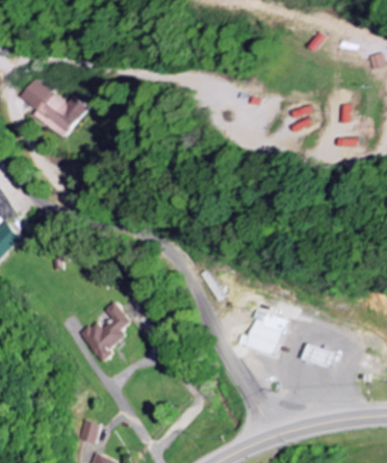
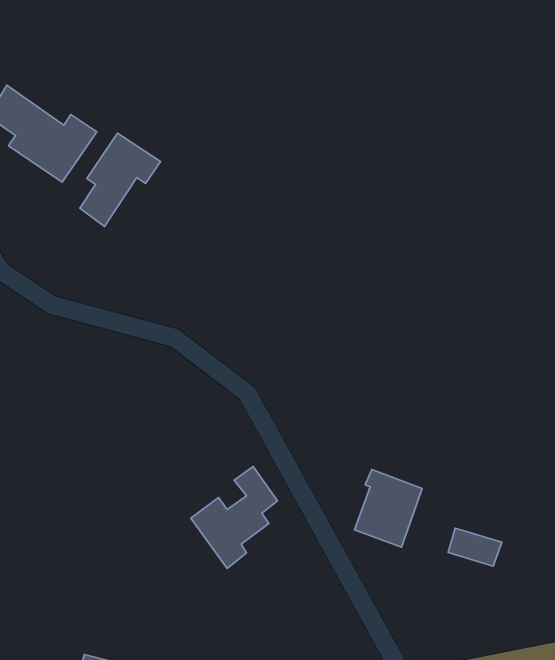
building: none -> [80,133,160,227]
building: [77,301,129,362] -> [191,466,278,568]

